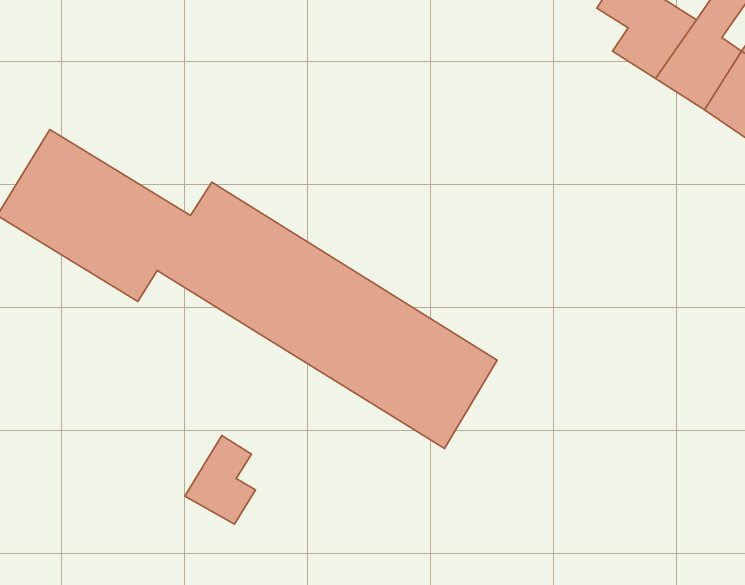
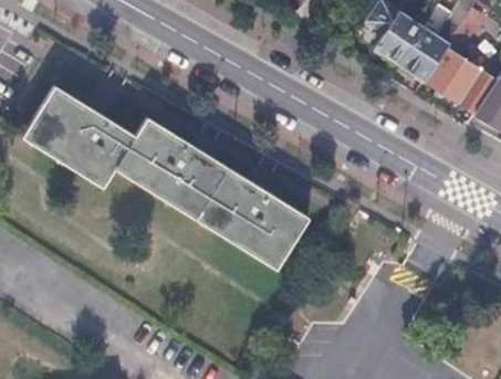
building: [185,436,255,524] -> none

